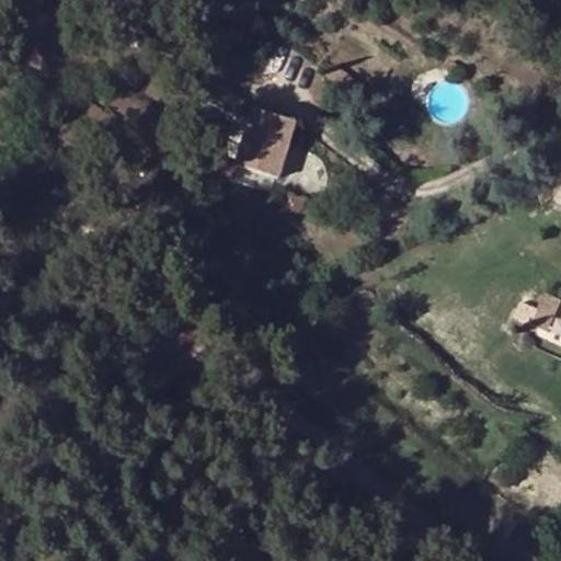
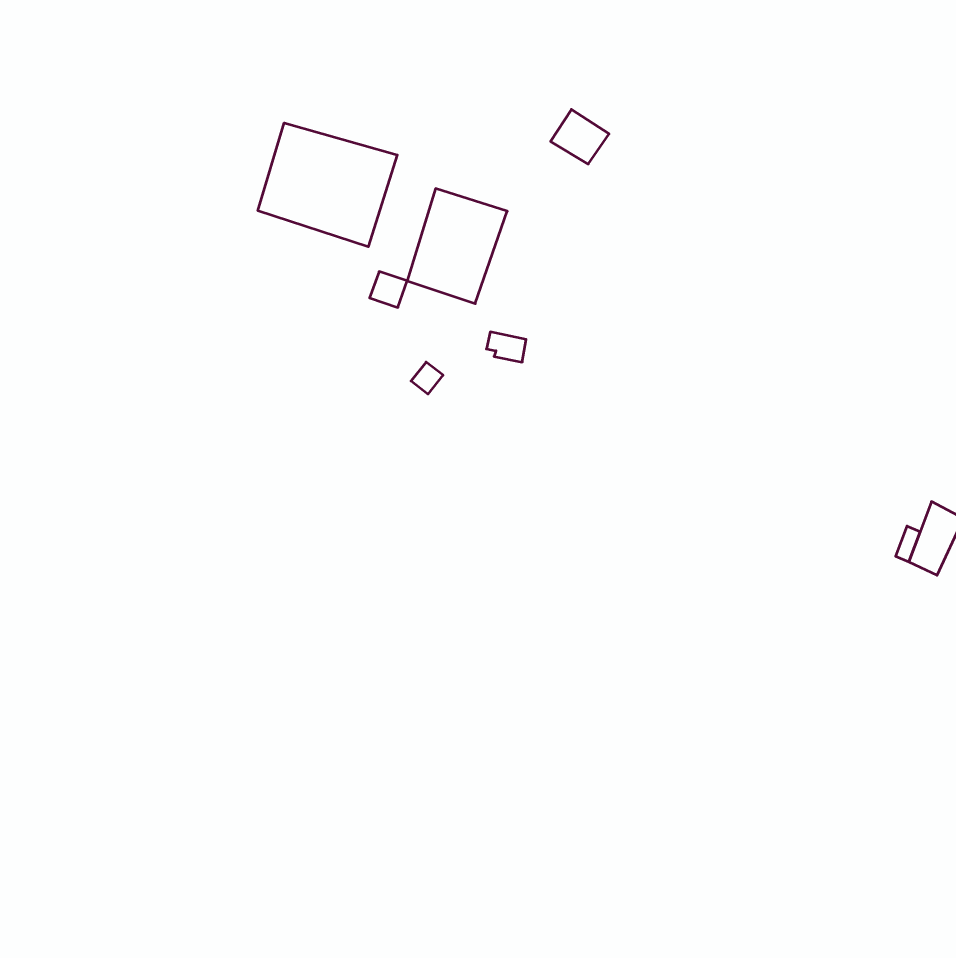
building: none -> [258,123,397,247]

